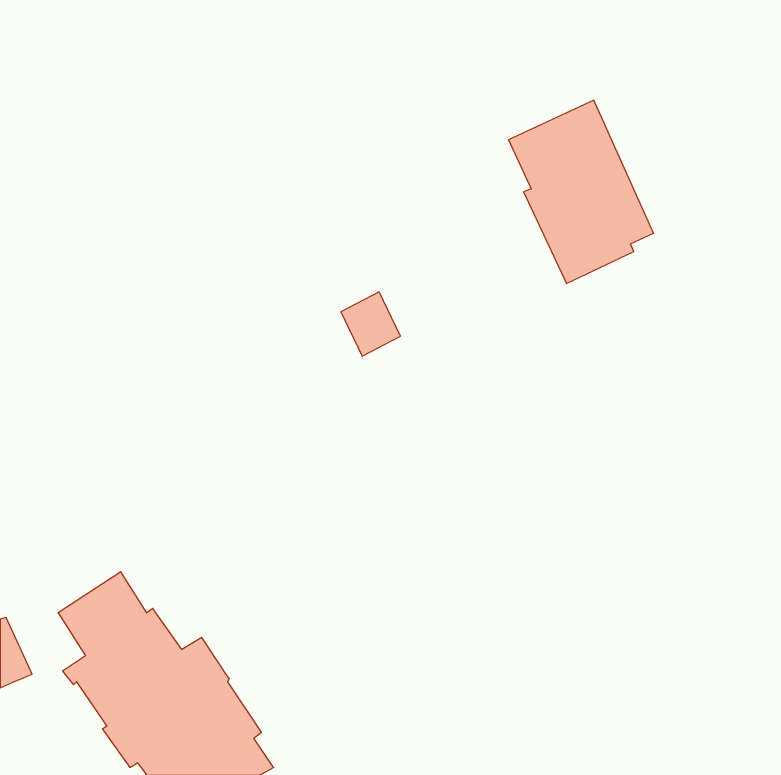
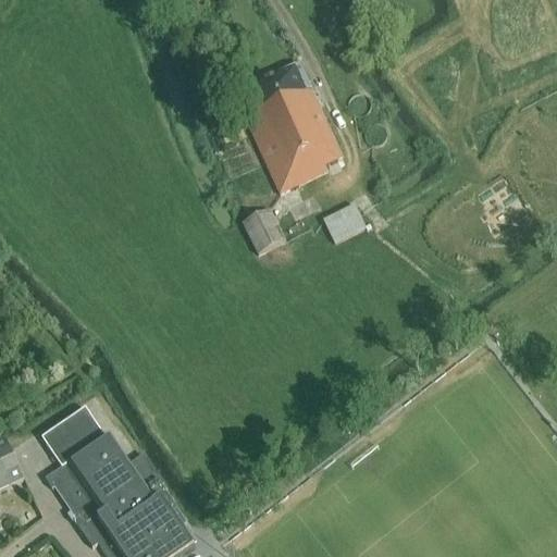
building: [508,100,654,284] -> [238,62,342,193]
building: none -> [323,203,366,242]

